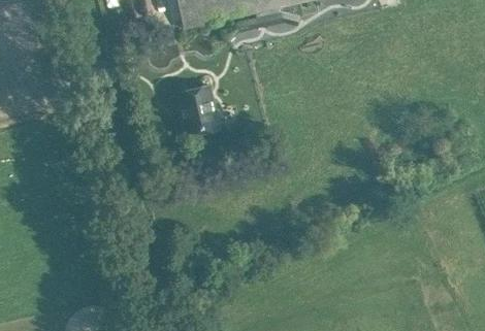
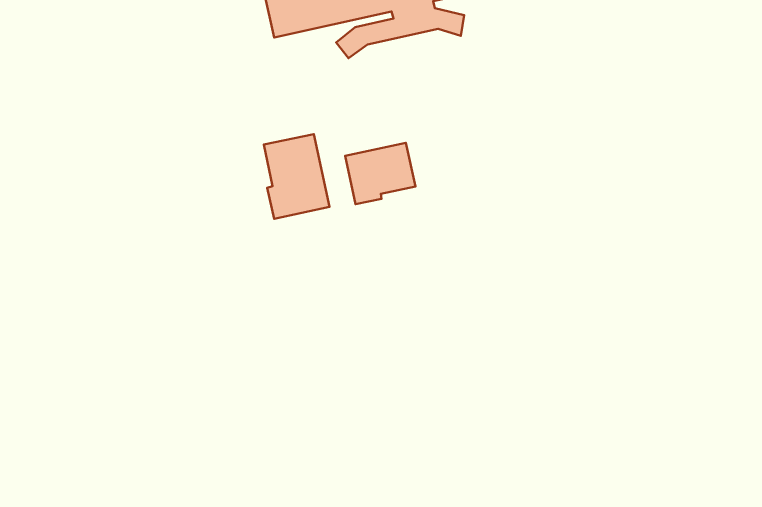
building: none -> [345,143,416,204]

